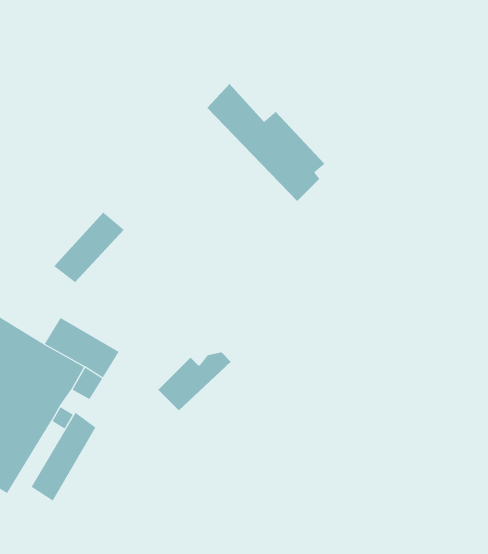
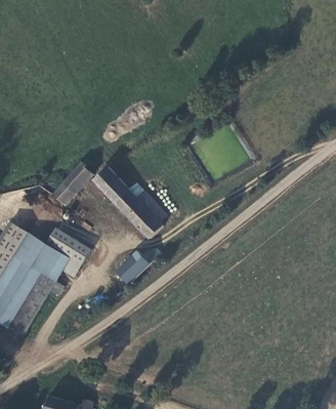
building: [206,83,325,202] -> [92,165,166,239]
building: [31,412,96,502] -> none

